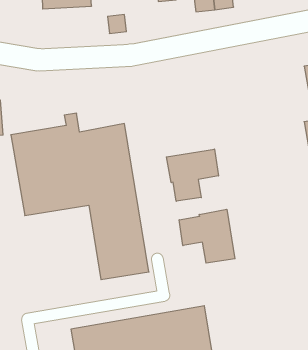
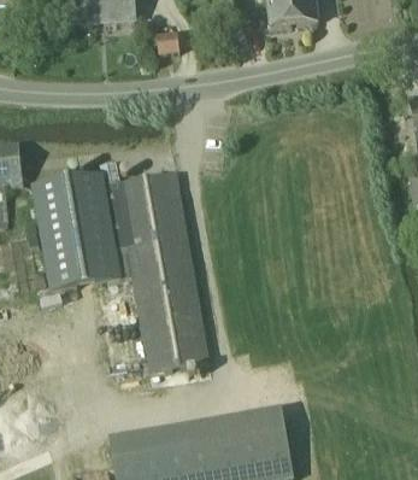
building: [166,149,218,201] -> none
building: [179,209,235,263] -> none

